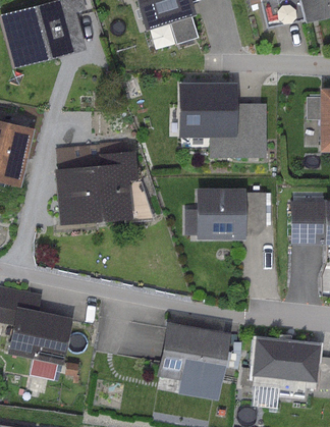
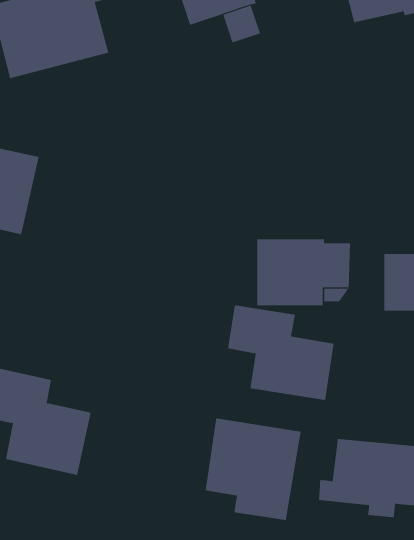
building: [178,82,267,157] -> none
building: [54,141,153,226] -> none
building: none -> [228,304,334,401]

